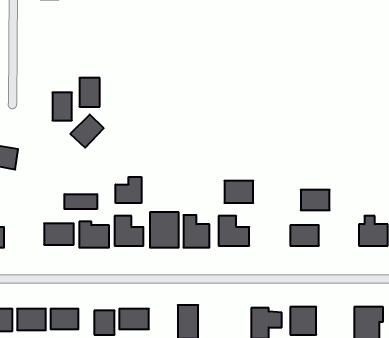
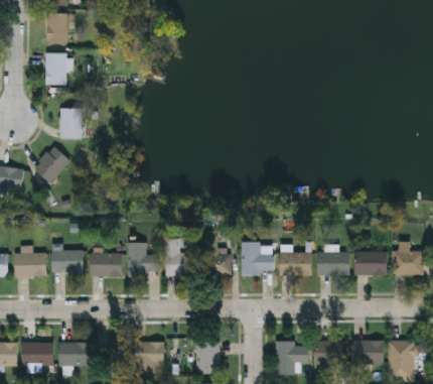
building: none -> [46,13,67,44]
building: [79,78,100,107] -> [45,53,67,85]
building: [70,114,104,148] -> [33,146,69,182]
building: [116,177,141,203] -> none
building: [224,181,253,203] -> [280,252,311,276]
building: [301,190,330,210] -> [355,252,387,274]
building: [64,194,97,209] -> none
building: none -> [14,253,46,276]
building: none -> [351,341,383,365]

